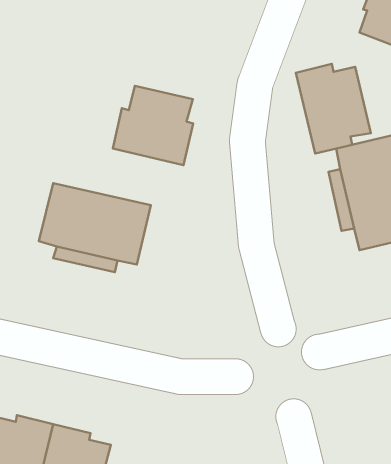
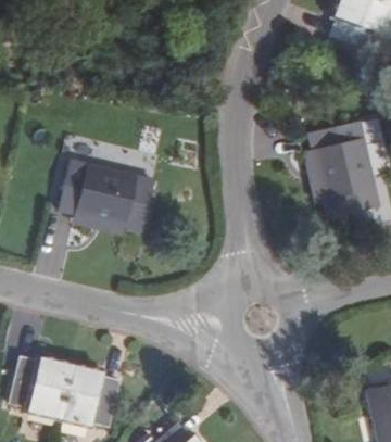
building: [296,64,371,154] -> none
building: [113,86,193,165] -> none

